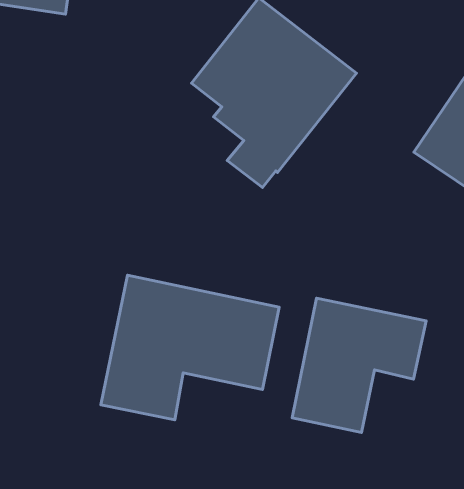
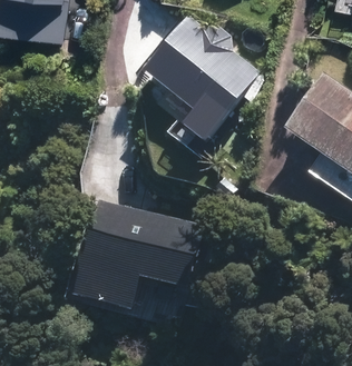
building: [292,298,426,433] -> none

